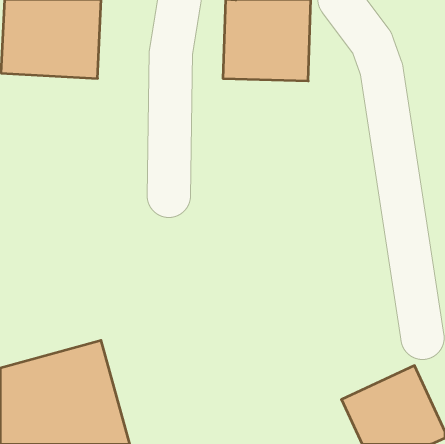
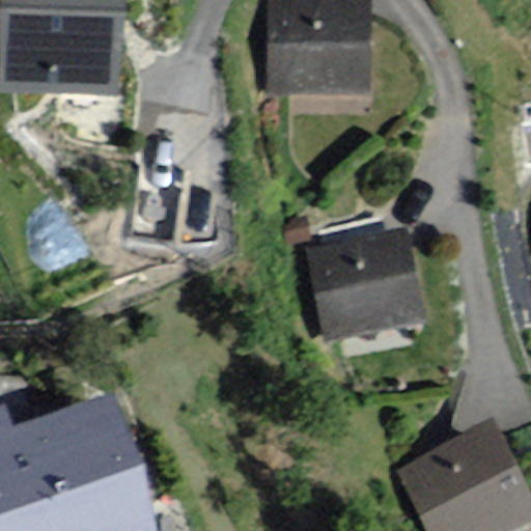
building: none -> [306,216,427,339]

